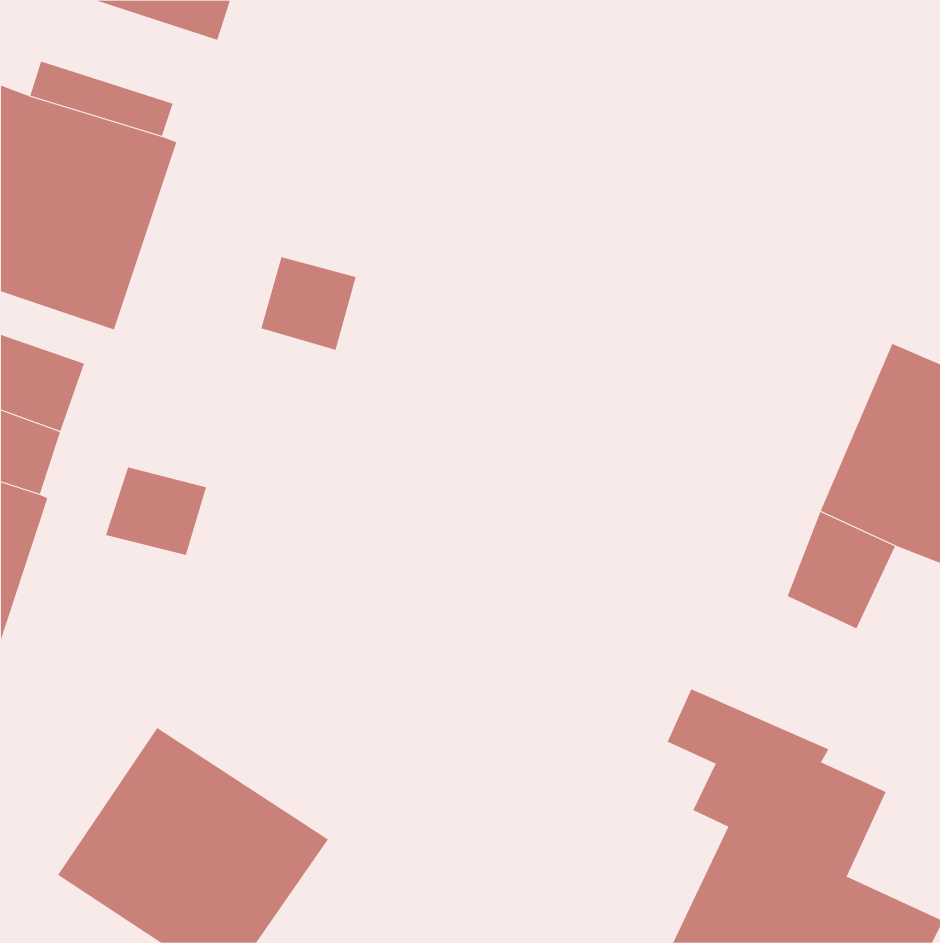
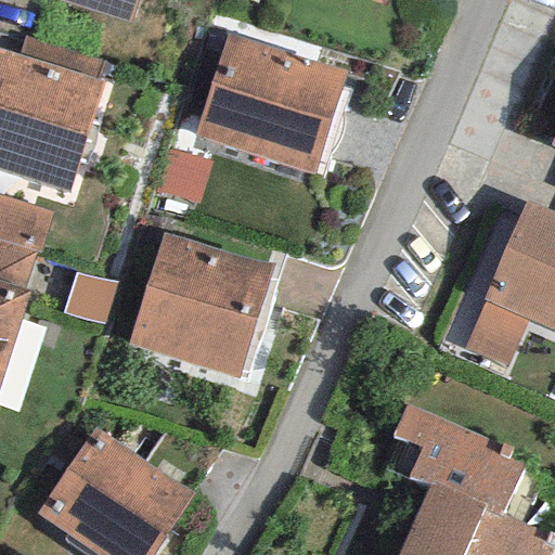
building: none -> [194,34,347,173]
building: none -> [127,233,273,379]

